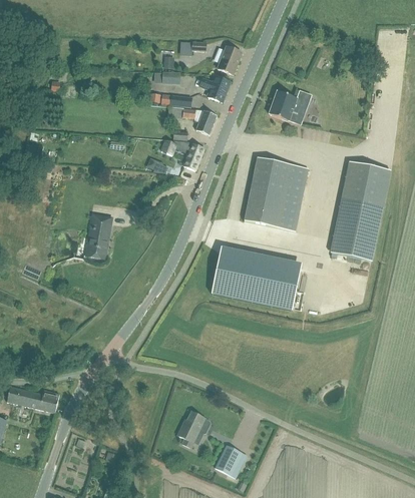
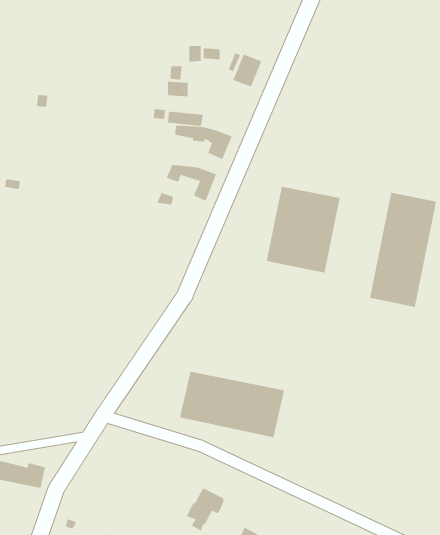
building: [198,75,231,102] -> none
building: [269,91,301,123] -> none
building: [85,213,111,259] -> none
building: [212,253,301,309] -> [179,371,285,438]

